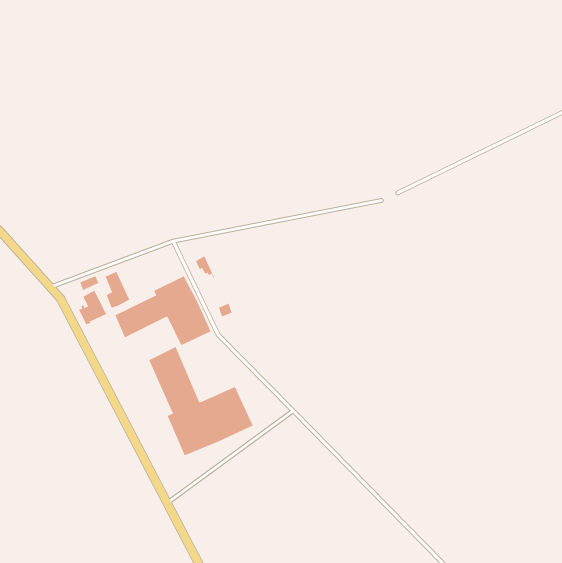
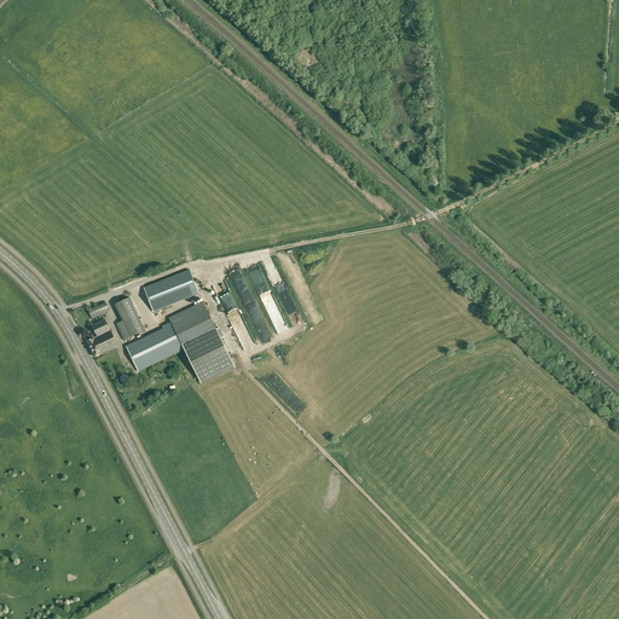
building: none -> [141,271,196,312]
building: [149,346,253,456] -> none

